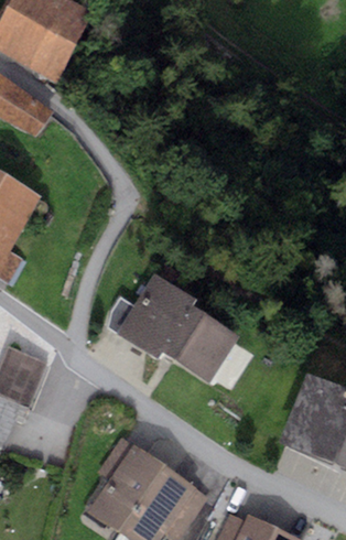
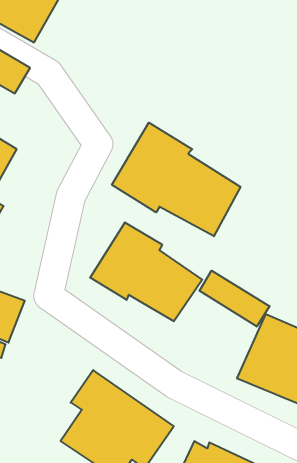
building: none -> [112,123,240,236]
building: none -> [199,271,270,327]

